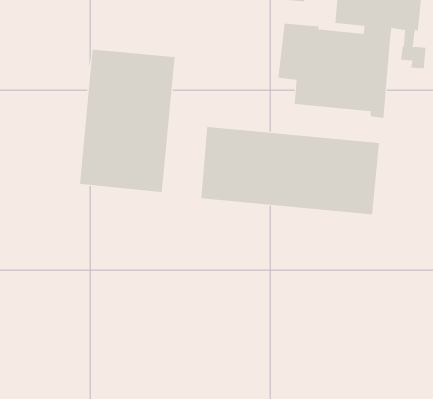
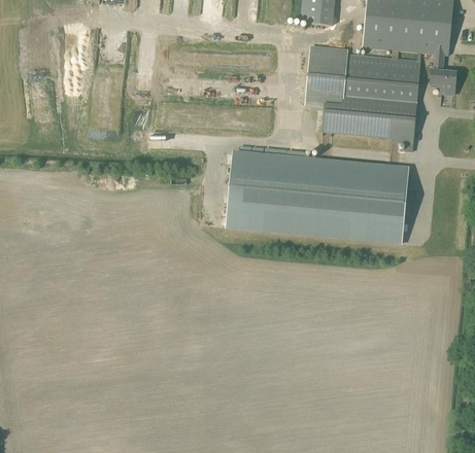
building: [80,49,175,193] -> none

